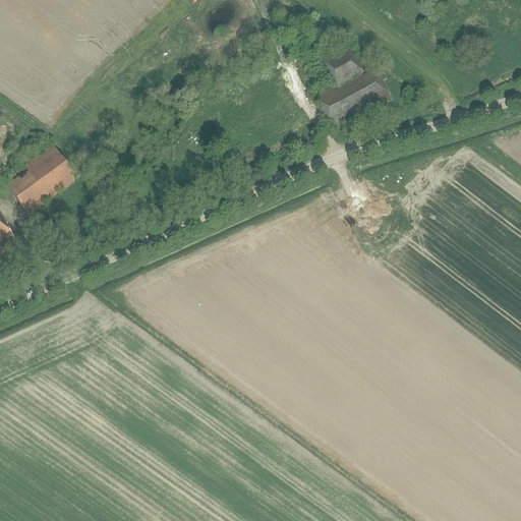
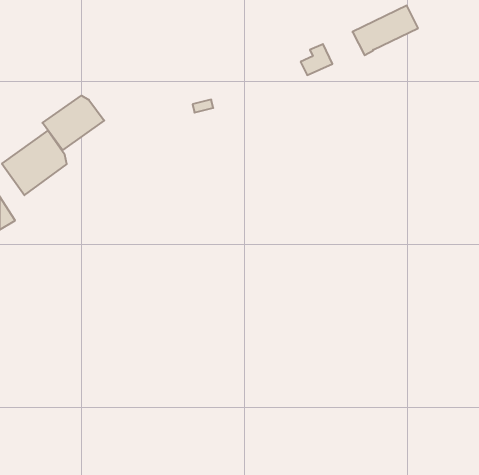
building: [316,69,388,123] -> [352,6,418,55]
building: none -> [42,96,104,150]

